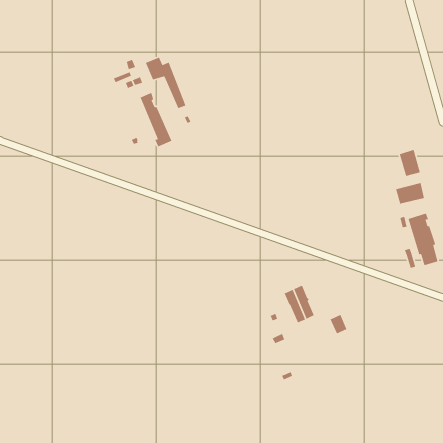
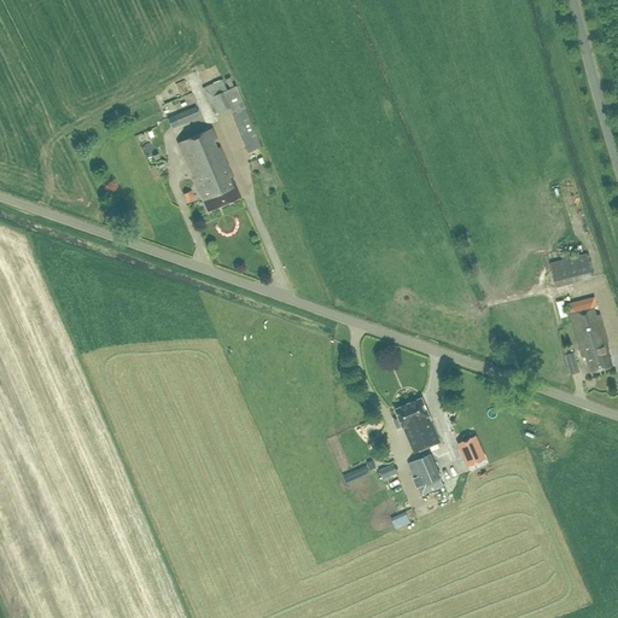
building: none -> [177,135,220,211]
building: [399,149,421,177] -> none
building: none -> [407,451,443,492]

